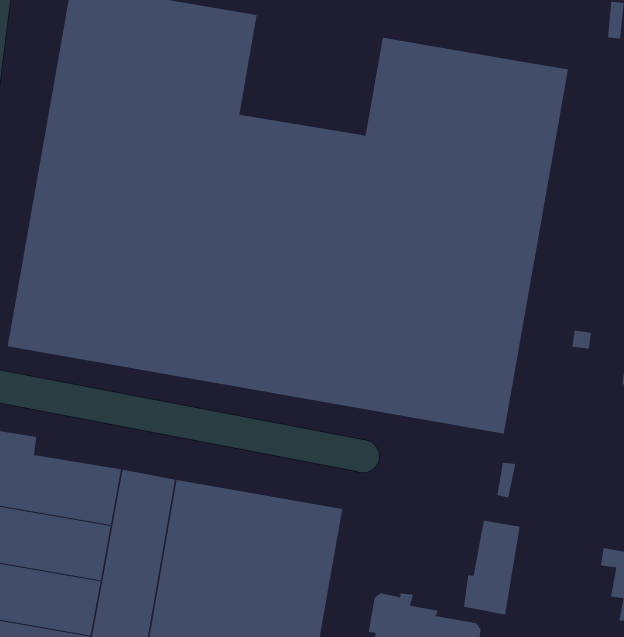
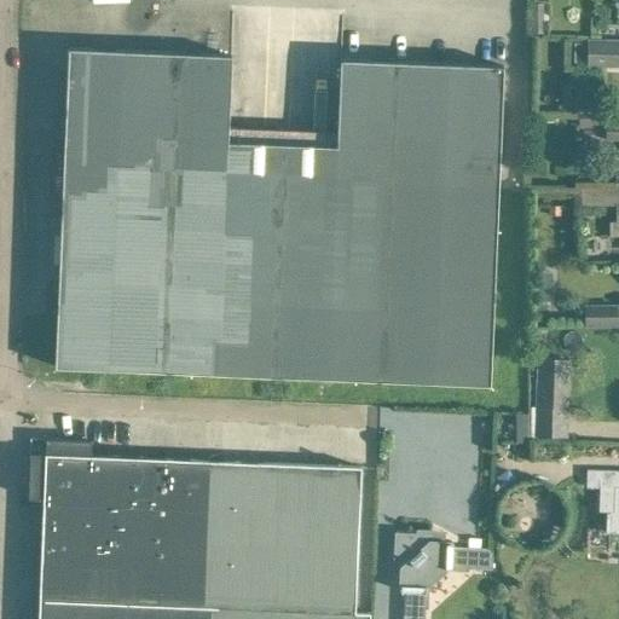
building: [463,520,521,615] -> [531,363,571,441]

